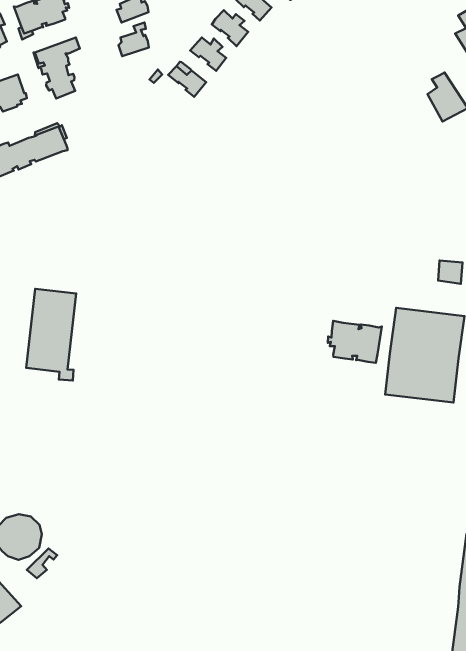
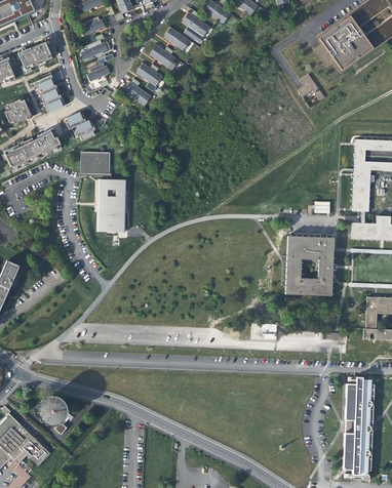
building: none -> [66,112,94,139]
building: none -> [80,152,109,173]
building: [26,289,76,381] -> [96,178,128,238]
building: [328,321,382,363] -> none

